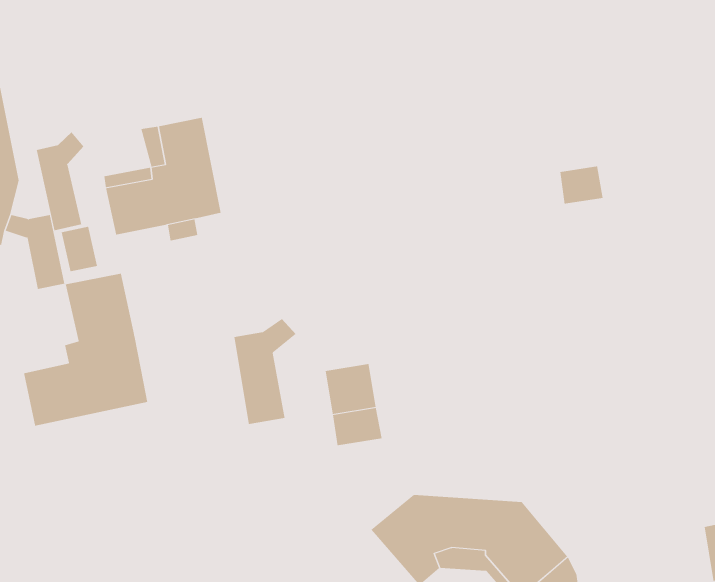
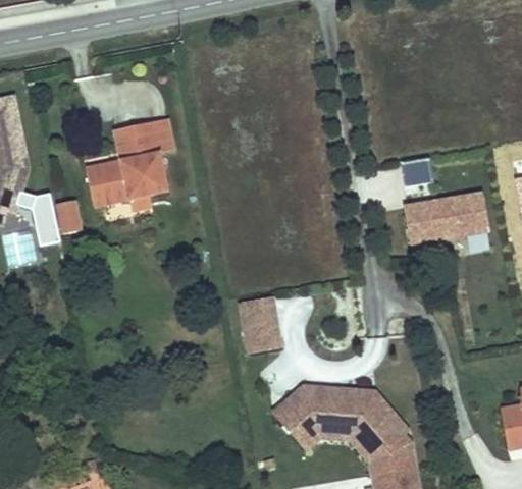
building: [36,132,84,231] -> none
building: none -> [409,192,490,242]
building: [23,273,148,427] -> none
building: [234,318,297,425] -> none

